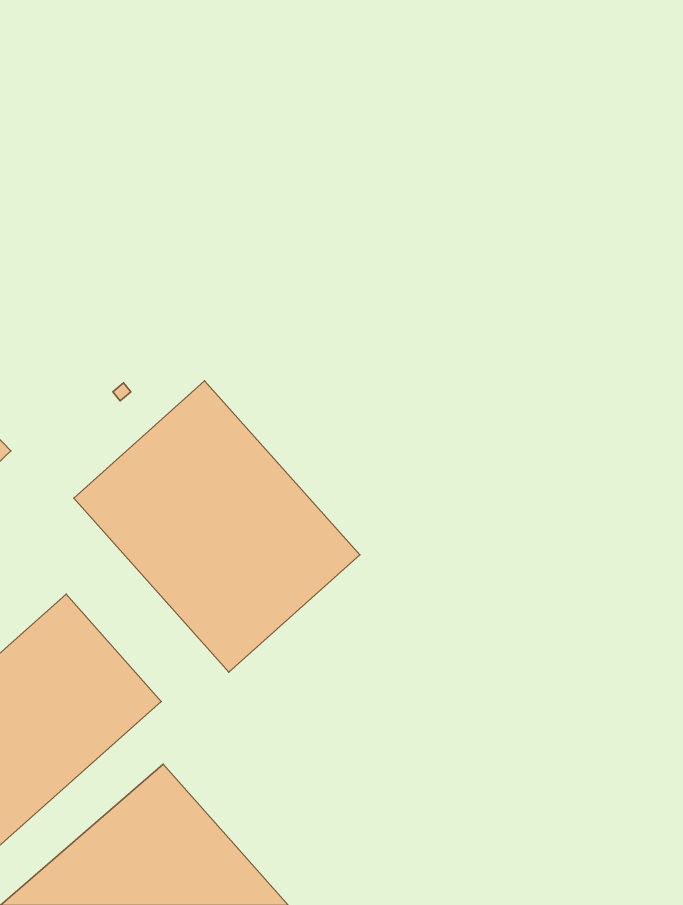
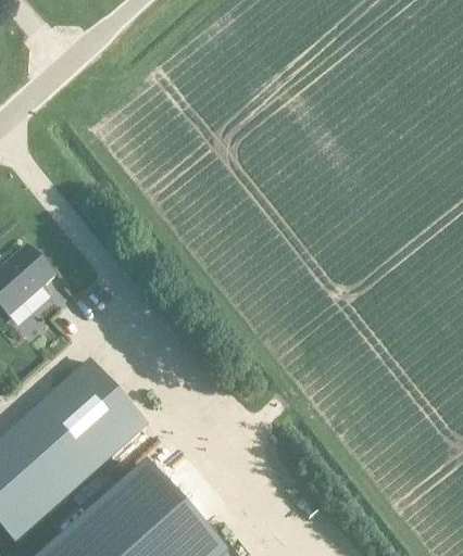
building: [74,381,360,672] -> none

